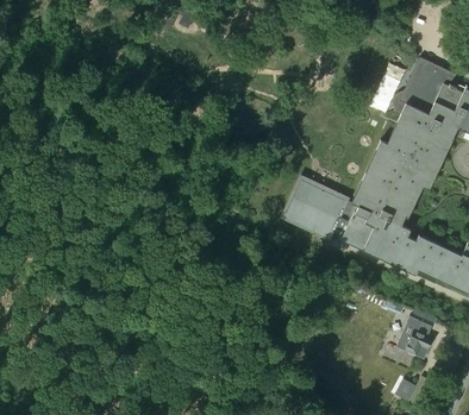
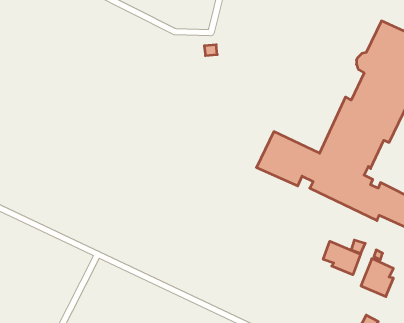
building: none -> [323,241,361,275]

